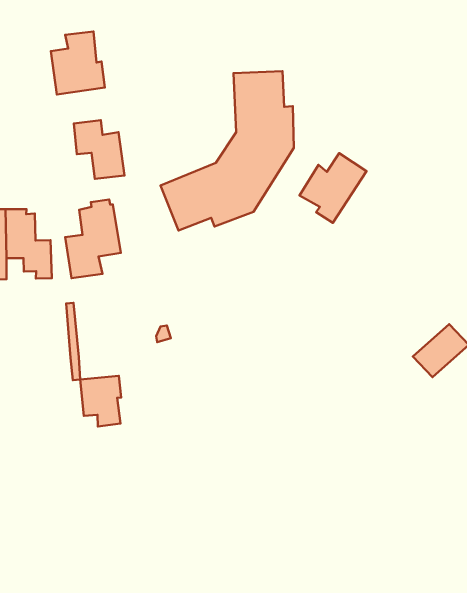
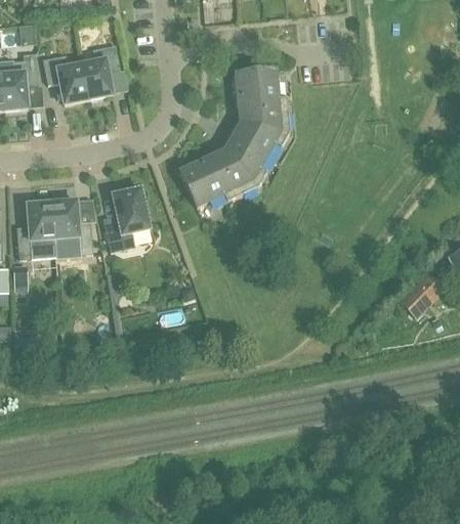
building: [74,120,125,179] -> [42,54,87,103]
building: [299,153,367,223] -> none
building: [80,376,121,426] -> none

